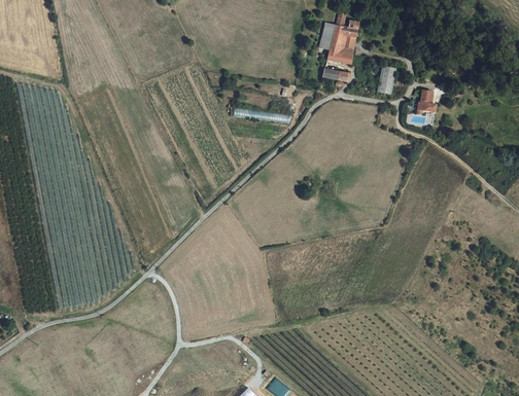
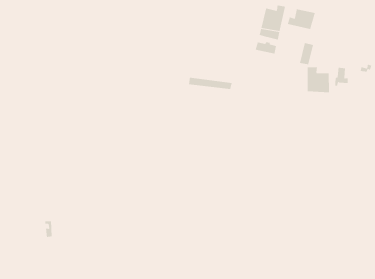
building: none -> [287,8,315,30]
building: none -> [307,66,329,93]

